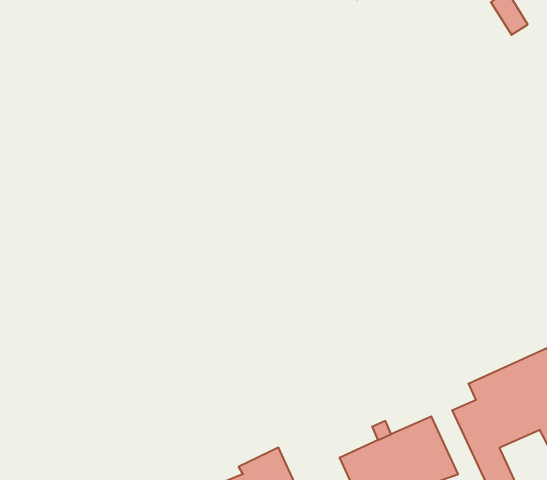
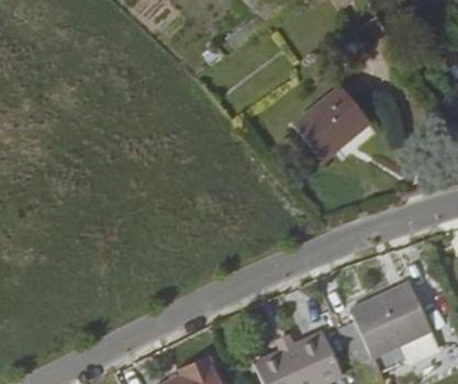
building: none -> [294,86,370,159]

